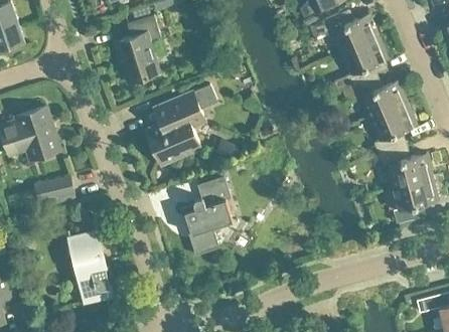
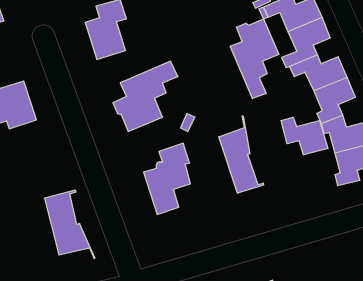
building: none -> [230,19,279,99]
building: none -> [219,116,263,193]
building: none -> [281,117,328,155]
building: [34,176,73,201] -> none

